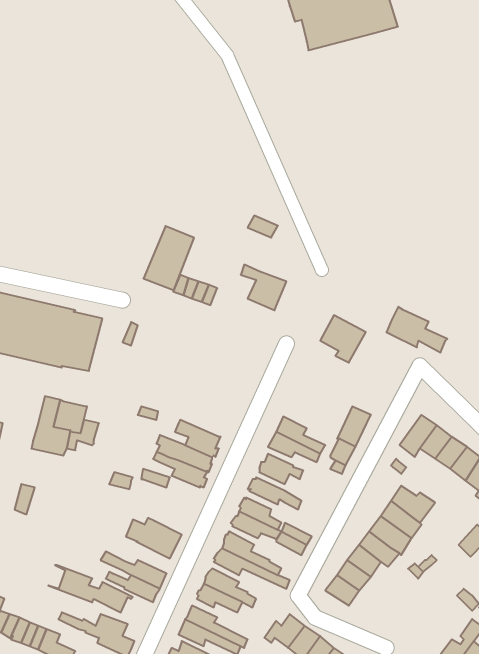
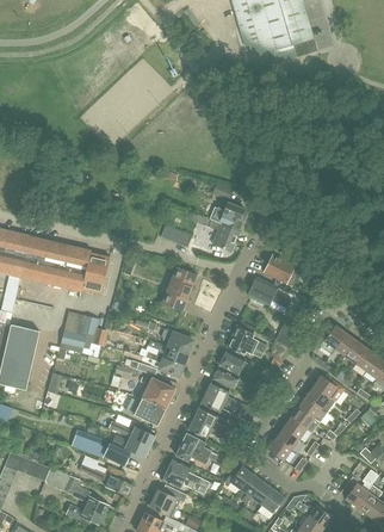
building: [143,226,194,290] -> [160,266,196,311]
building: none -> [209,202,246,230]
building: [386,307,447,352] -> [247,277,290,309]
building: none -> [141,377,174,409]

